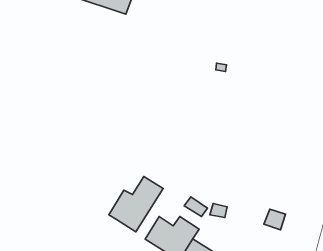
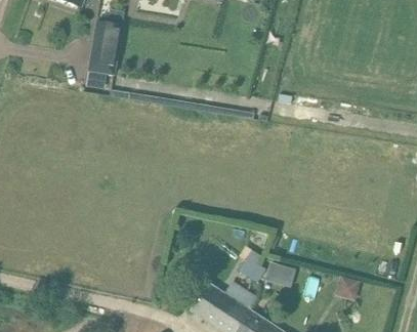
building: none -> [88,19,122,74]
building: [109,176,163,232] -> none

